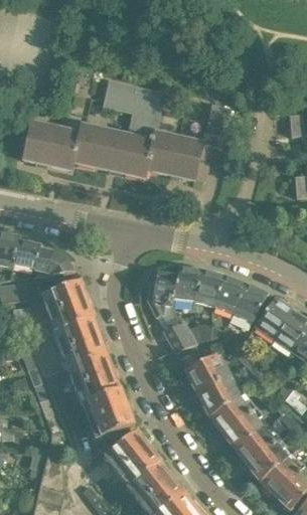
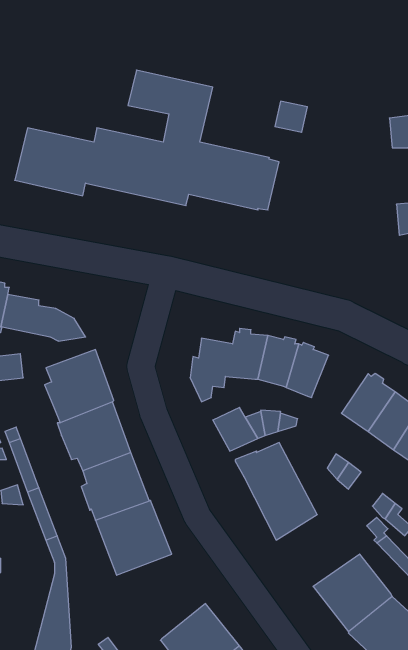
building: [235,284,268,322] -> none
building: [209,394,269,449] -> none
building: [103,430,160,486] -> none

